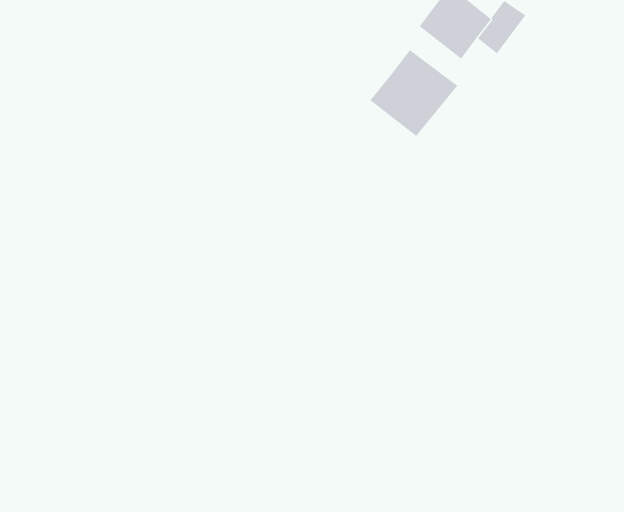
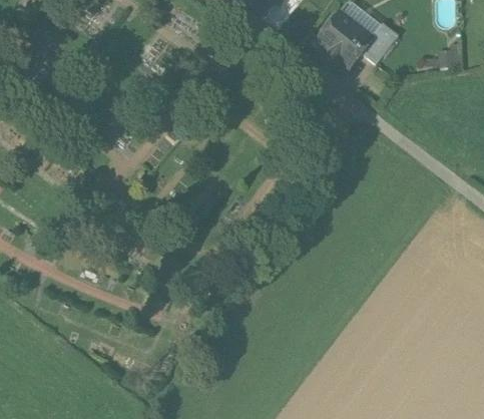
building: [369,49,458,137] -> none

